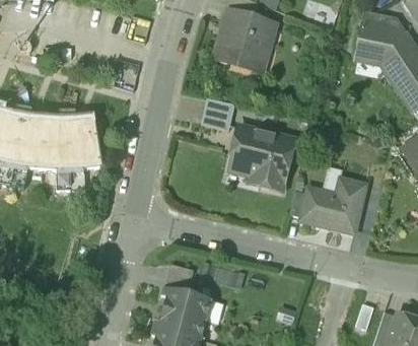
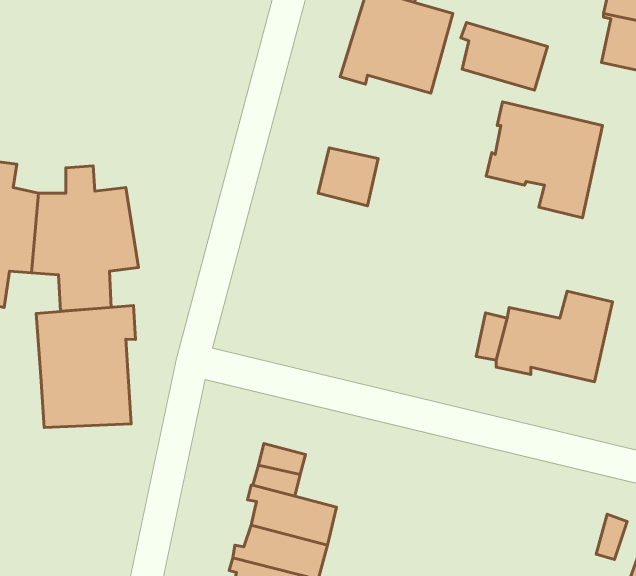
building: none -> [461,23,547,90]
building: [228,125,293,190] -> [486,102,602,218]
building: none -> [36,306,135,427]

